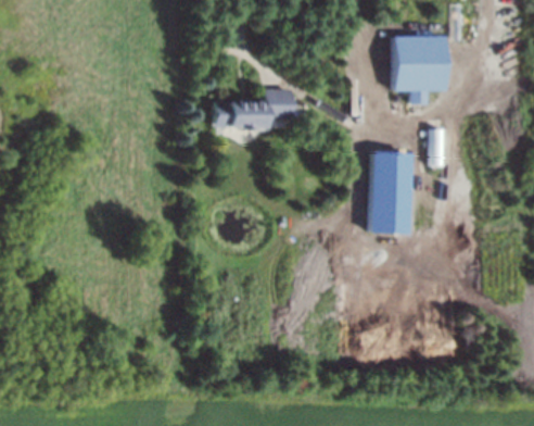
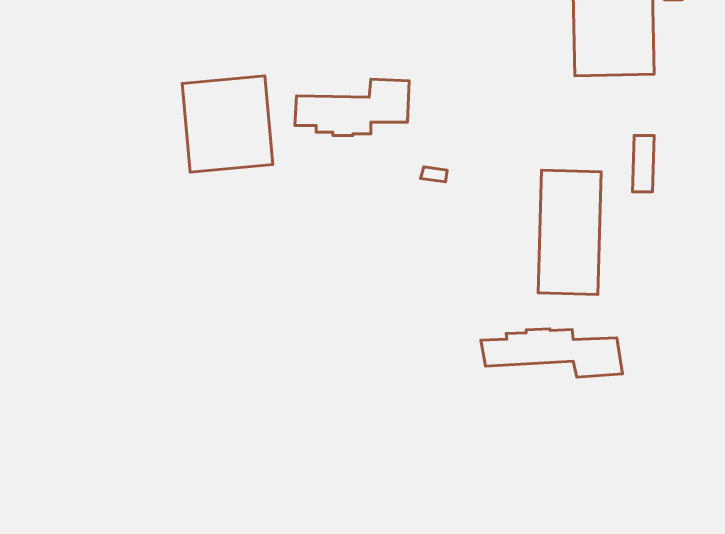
building: none -> [182,76,273,172]
building: none -> [481,329,622,377]

